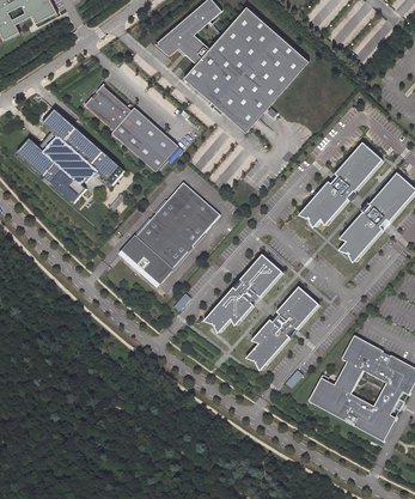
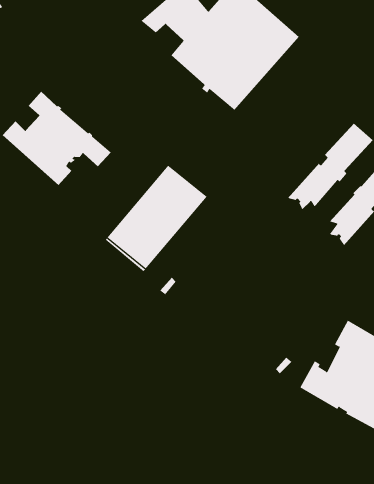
building: [85,86,179,172] -> none
building: [205,255,282,334] -> none
building: [246,286,319,371] -> none

